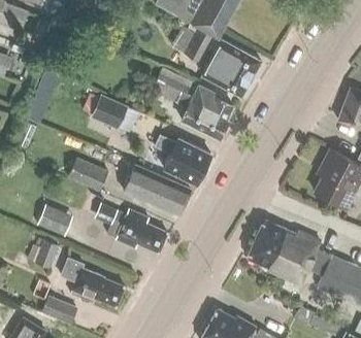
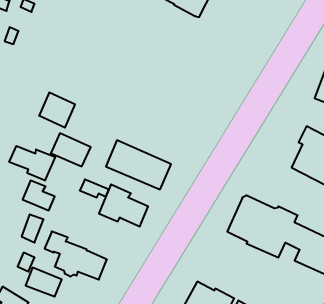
building: [184,27,260,95] -> none
building: [153,66,232,137] -> none
building: [90,93,127,129] -> [39,93,75,128]
building: [153,133,210,182] -> none
building: none -> [9,146,55,181]

